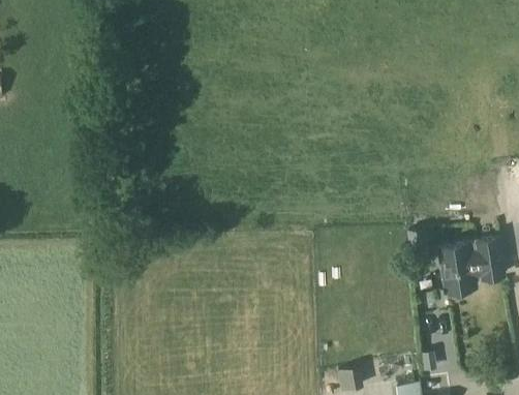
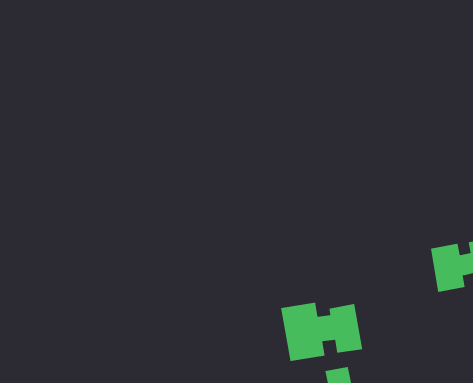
building: none -> [280,302,363,362]

